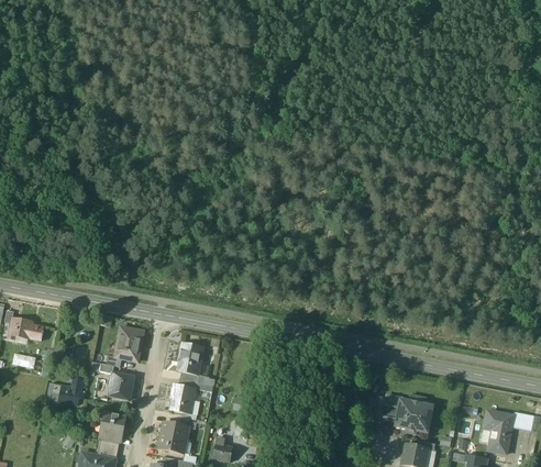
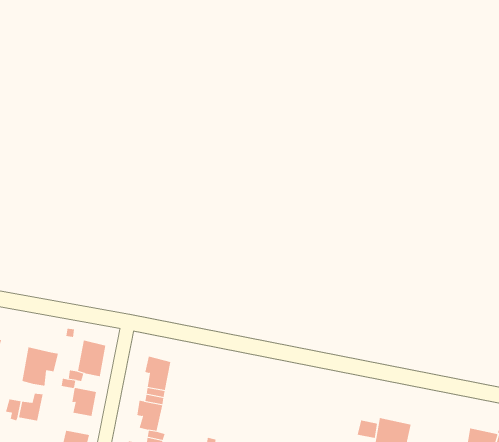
building: none -> [22,347,59,386]

